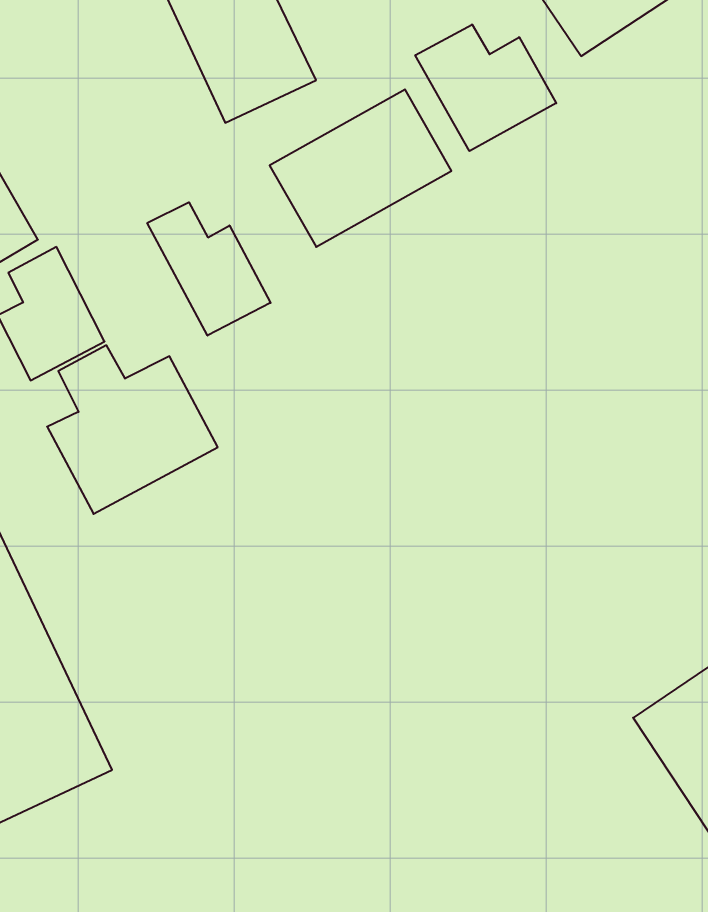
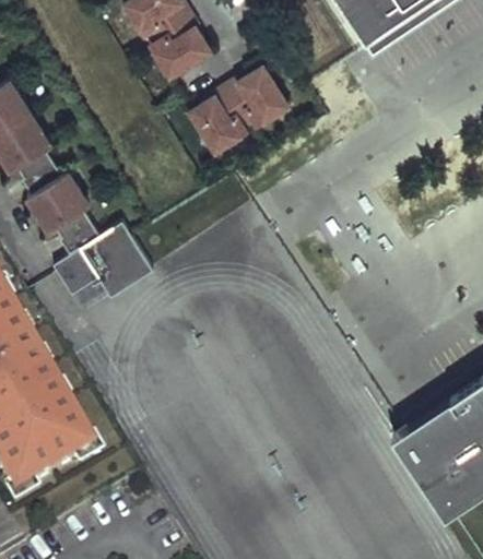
building: [415,24,556,151] -> none
building: [147,202,271,336] -> none

